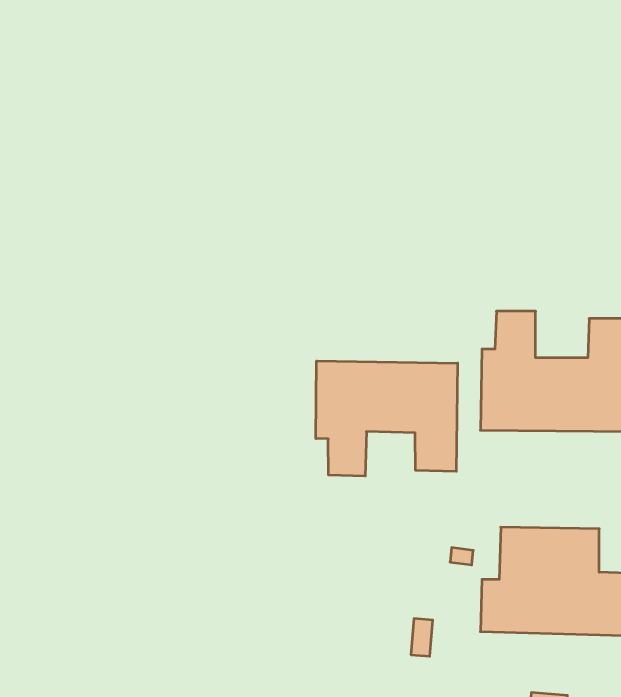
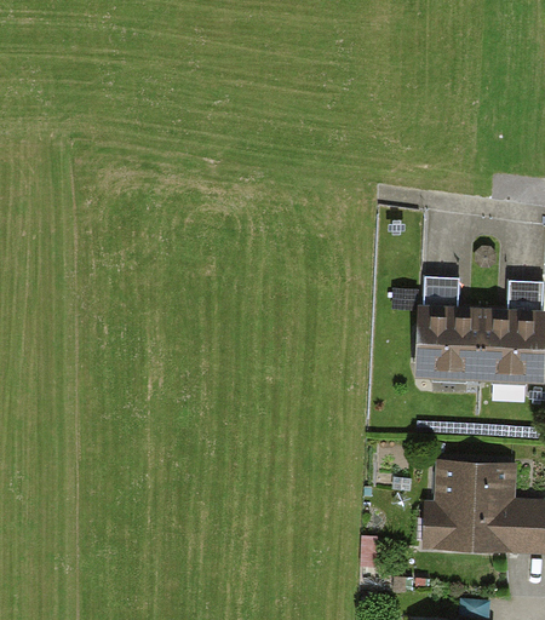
building: [316,361,458,476] -> none

